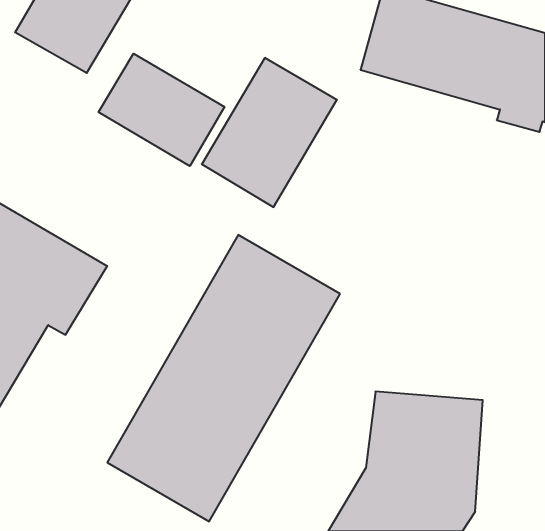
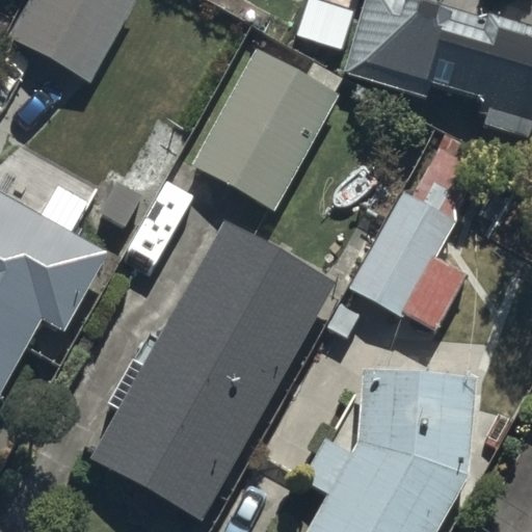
building: [99,54,224,166] -> none
building: none -> [353,154,477,330]

